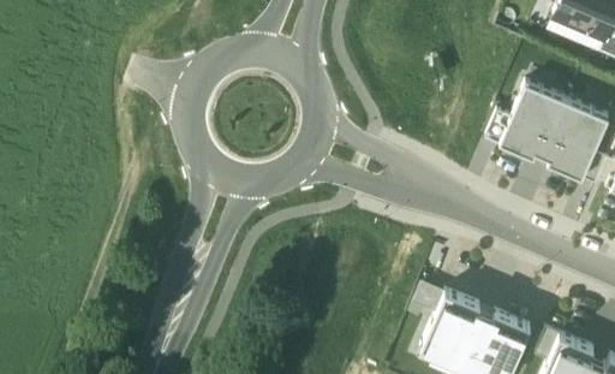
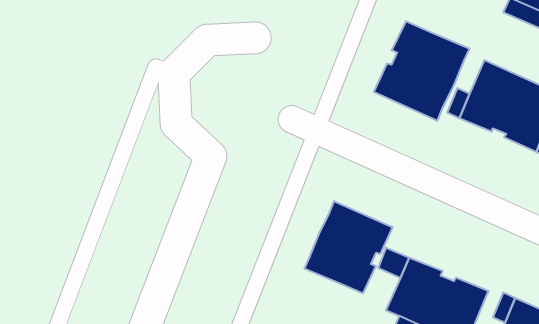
building: none -> [374,21,469,121]
building: none -> [304,201,393,293]

